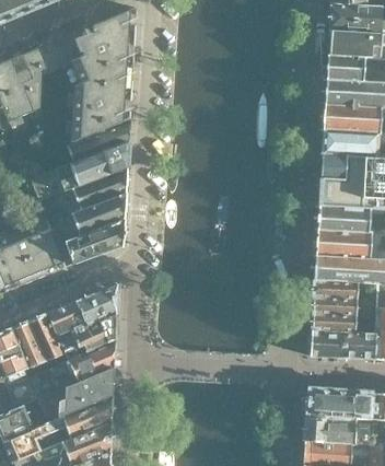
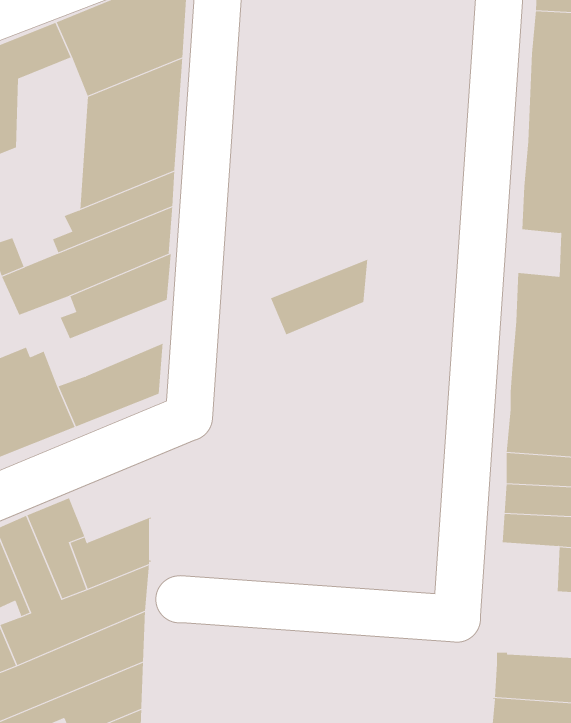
building: [69,194,124,236] -> [270,259,368,335]
building: [69,286,116,329] -> none
building: [304,329,342,357] -> none

